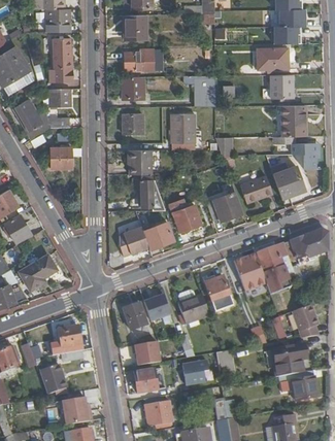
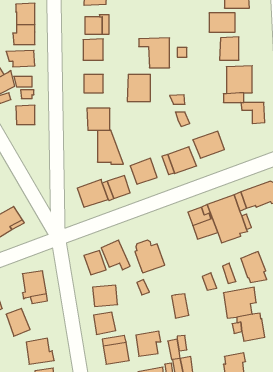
building: [274,167,305,199] -> none
building: [201,266,230,301] -> none
building: [181,358,208,384] -> [136,331,161,356]

